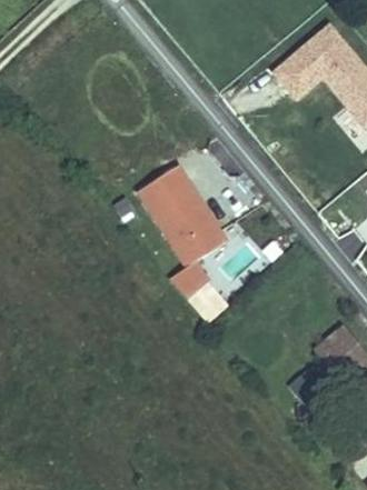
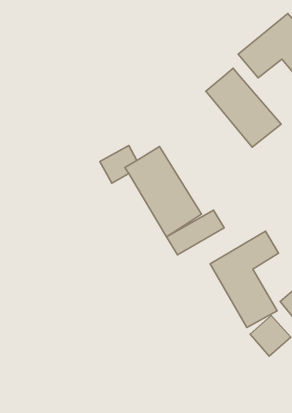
building: none -> [206,68,281,147]
building: none -> [210,231,279,328]

